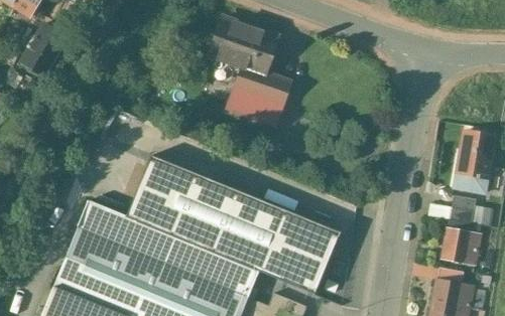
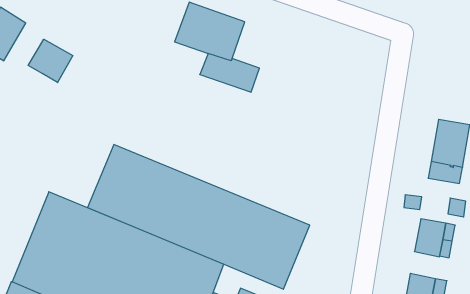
building: none -> [28,39,73,83]
building: [227,89,283,127] -> none
building: [449,195,476,222] -> none

